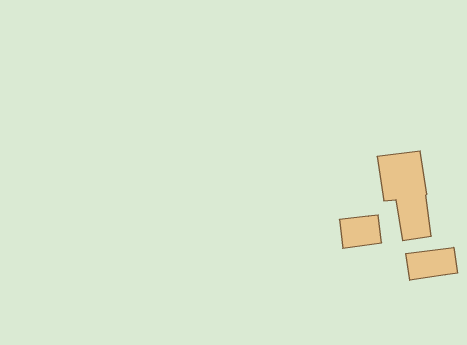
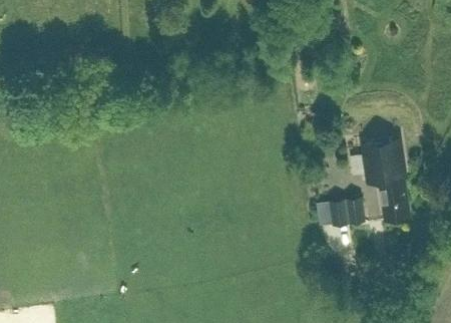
building: [406,247,457,280] -> none

